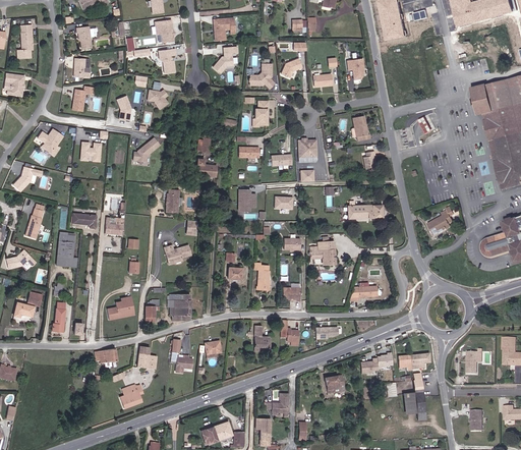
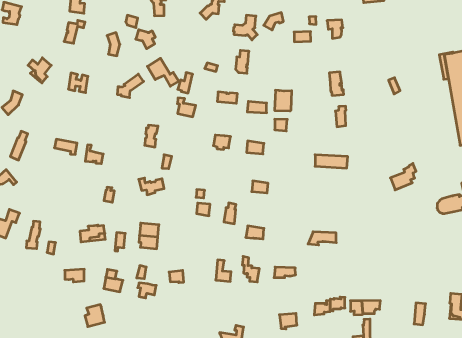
building: none -> [147,58,179,86]
building: [56,231,77,267] -> none
building: [309,240,335,264] -> none

